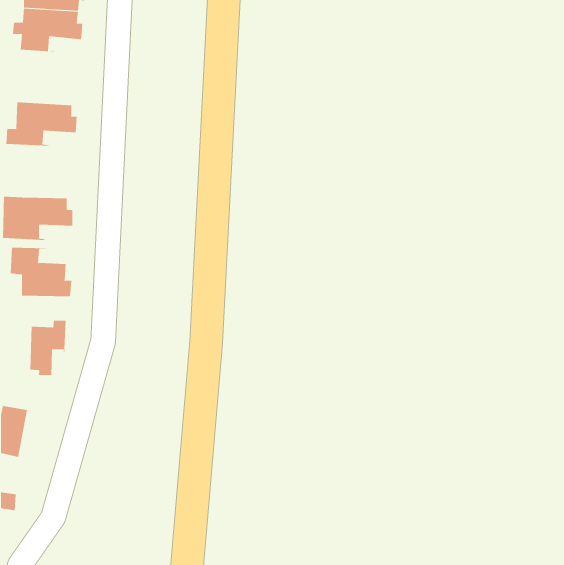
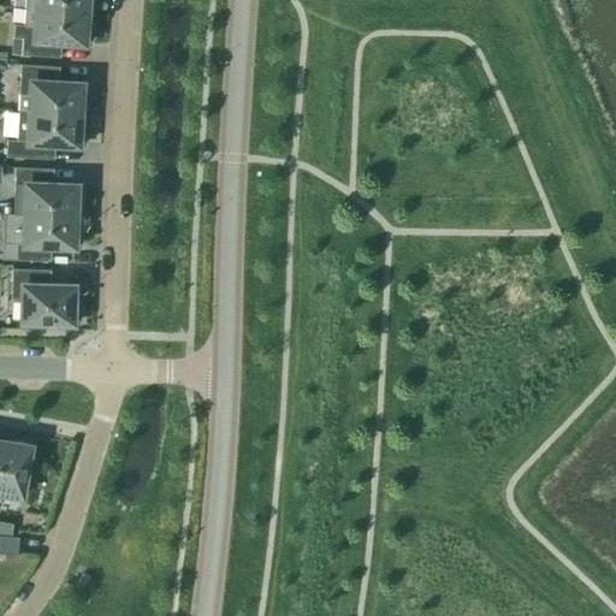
building: none -> [20,64,89,114]
building: none -> [17,167,84,215]
building: [30,320,66,376] -> none

